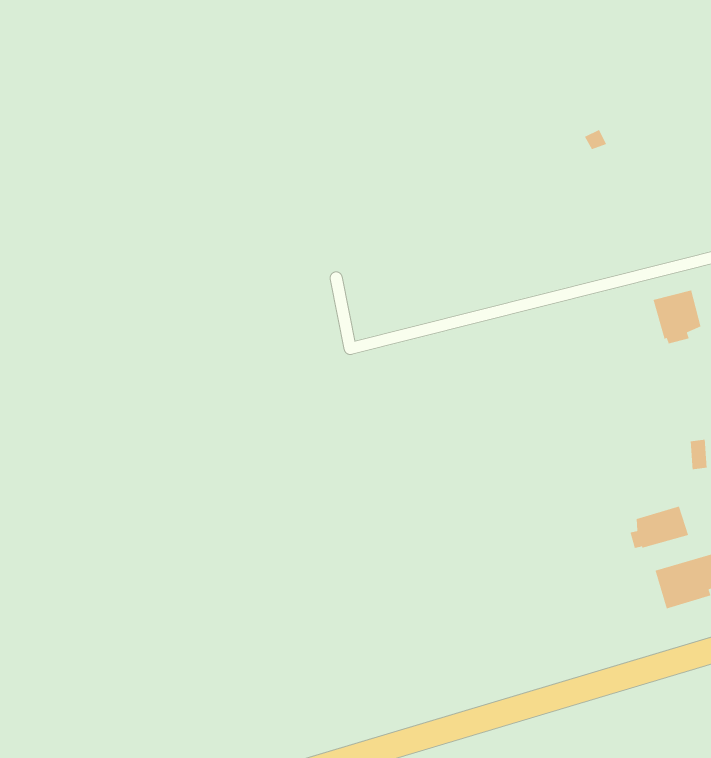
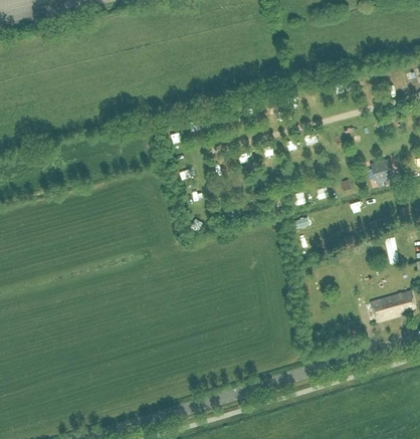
building: [629,505,689,549] -> none

